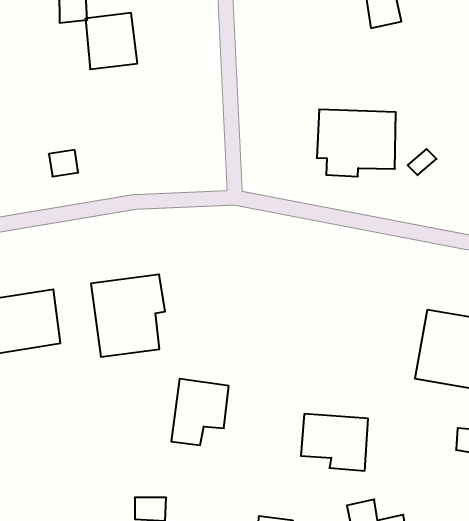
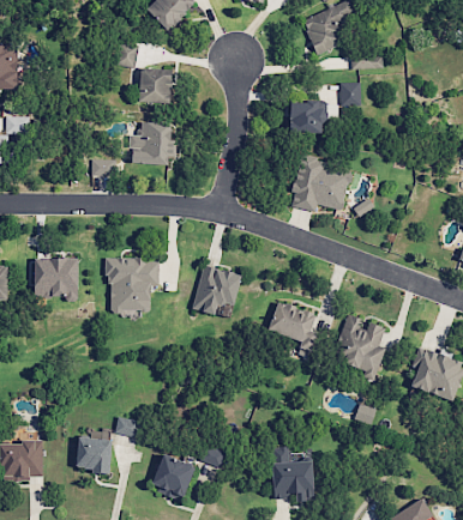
building: none -> [284,99,329,133]
building: none -> [127,121,173,165]
building: [171,379,229,445] -> [191,265,239,315]
building: [301,414,368,471] -> [267,302,320,350]

